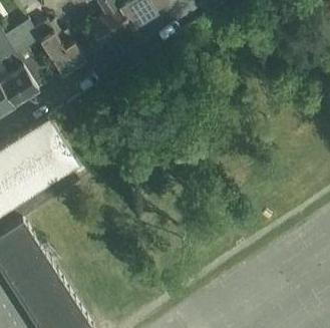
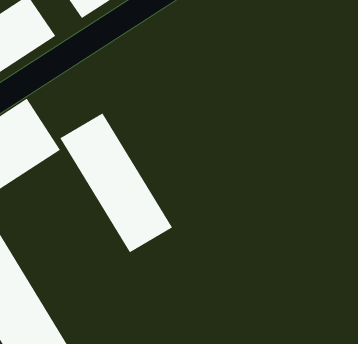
building: none -> [60,113,173,253]

